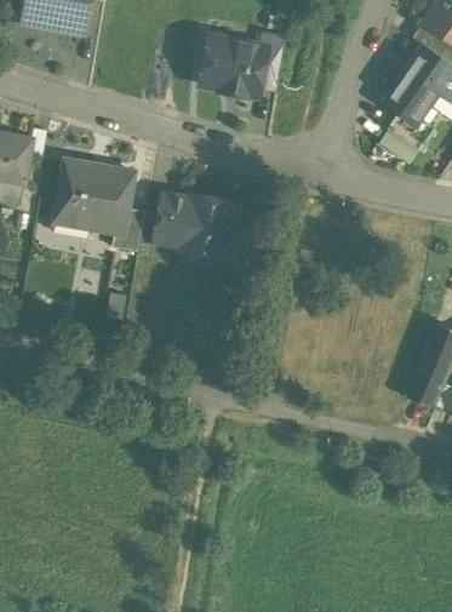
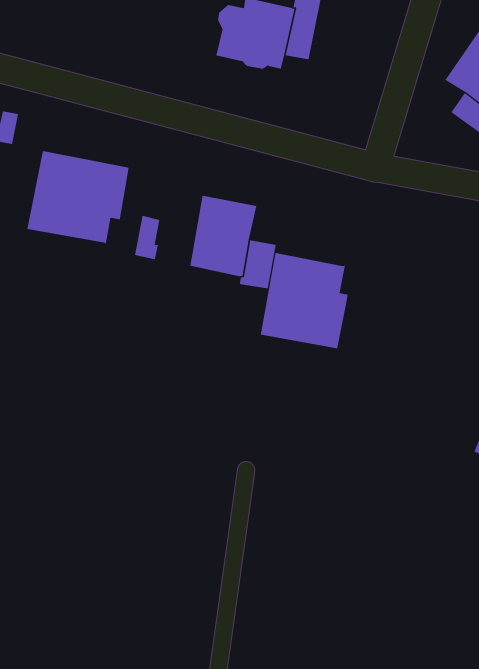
building: [154,194,190,250] -> none
building: [110,207,143,250] -> none
building: none -> [260,252,348,349]

